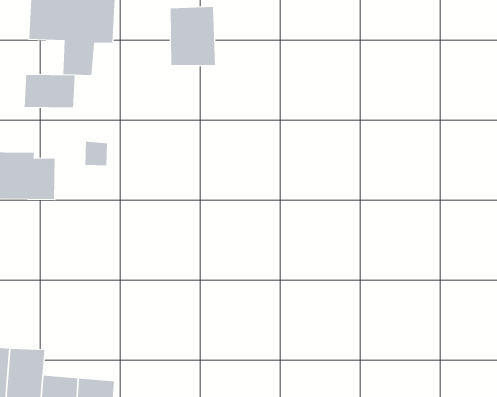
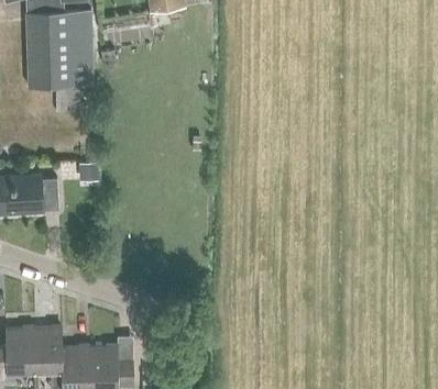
building: [170,6,216,66] -> none
building: [24,74,75,108] -> none

